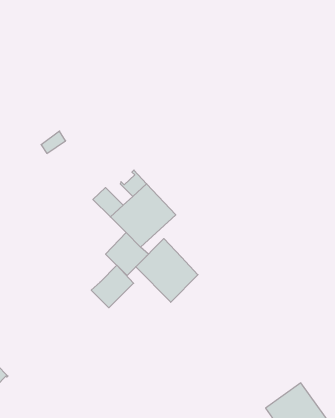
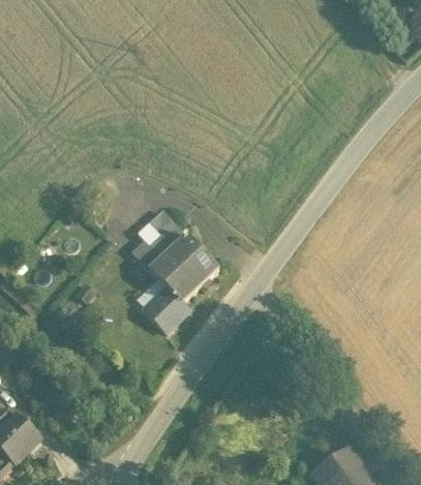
building: [136,239,198,302] -> none
building: [91,265,134,308] -> none

